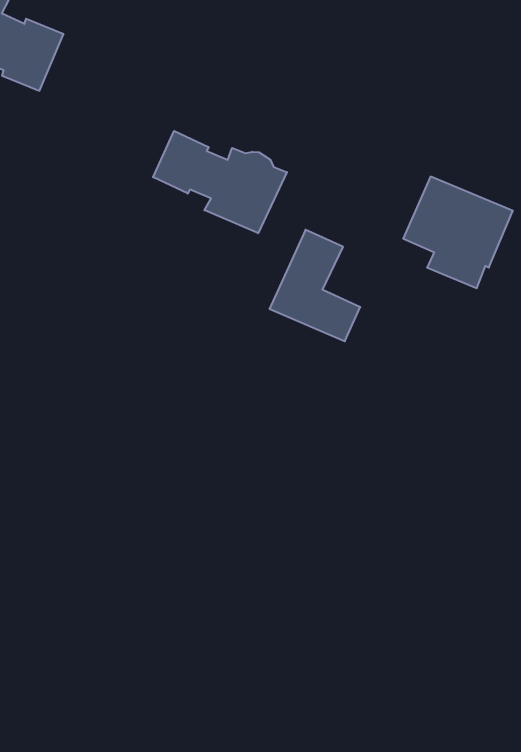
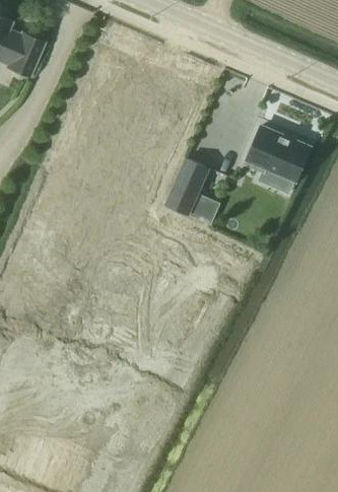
building: [153,131,287,233] -> none

